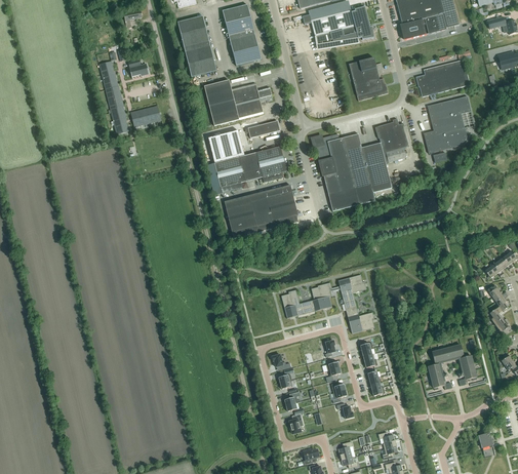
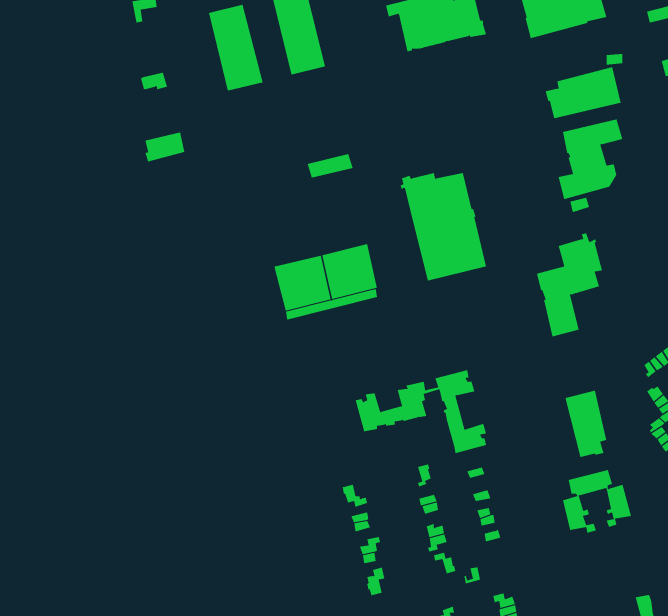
building: [349,56,389,100] -> none
building: [99,63,128,130] -> none
building: [203,79,273,125] -> none
building: [361,118,408,192] -> [536,233,603,337]
building: [207,130,286,194] -> none
building: none -> [565,390,607,458]

